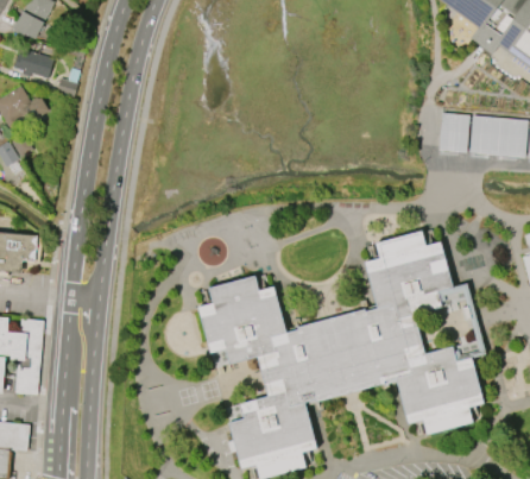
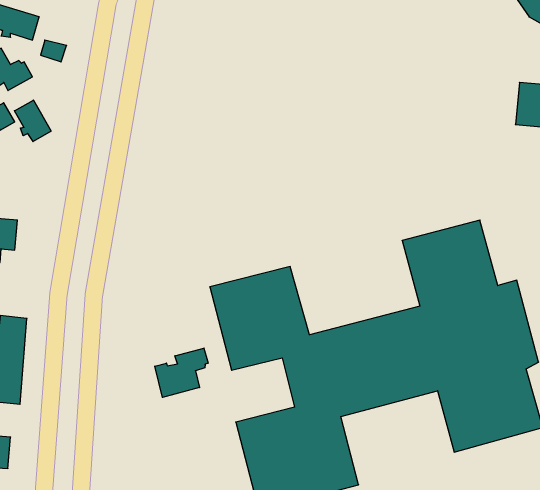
building: [438,112,468,151] -> none
building: none -> [14,100,51,142]
building: none -> [155,348,208,397]

